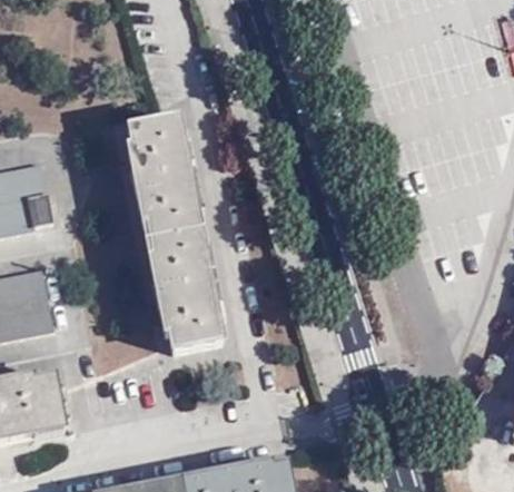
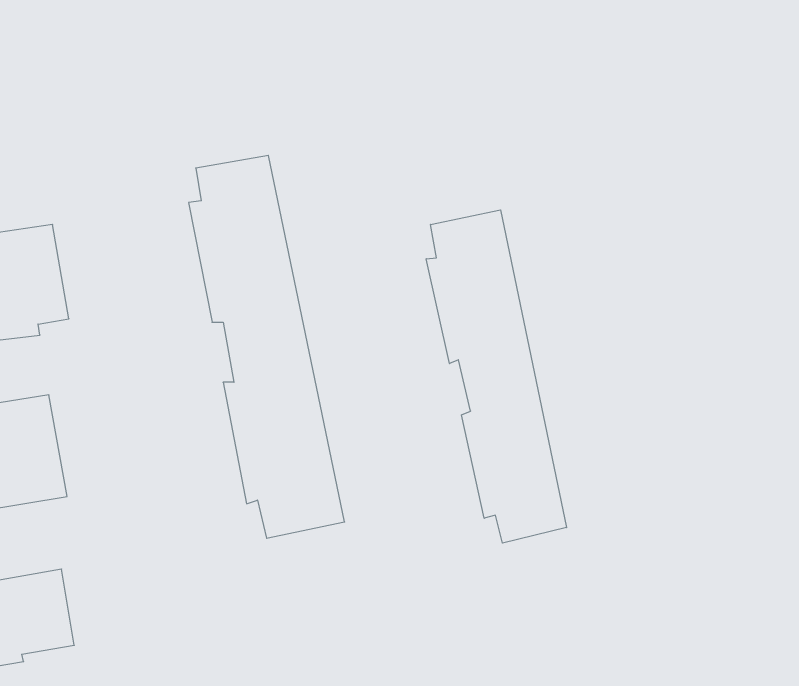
building: none -> [426,210,567,543]

